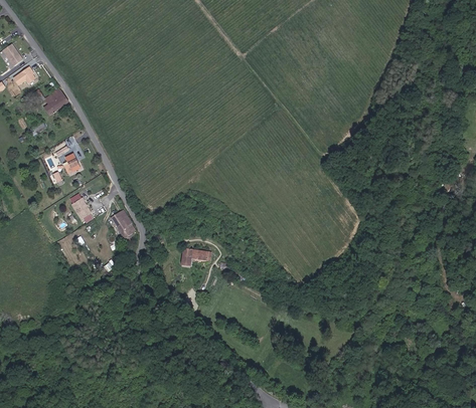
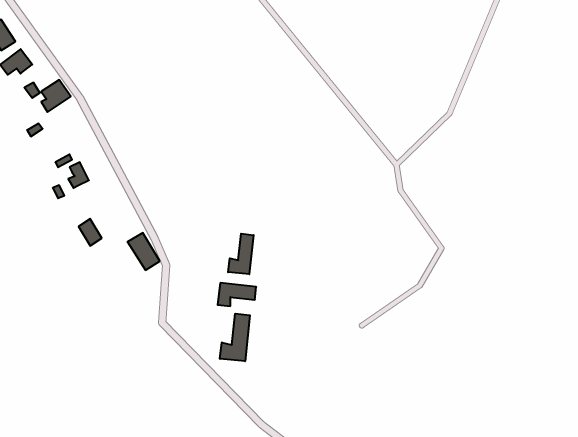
building: none -> [228,234,254,274]
building: none -> [220,314,250,361]

